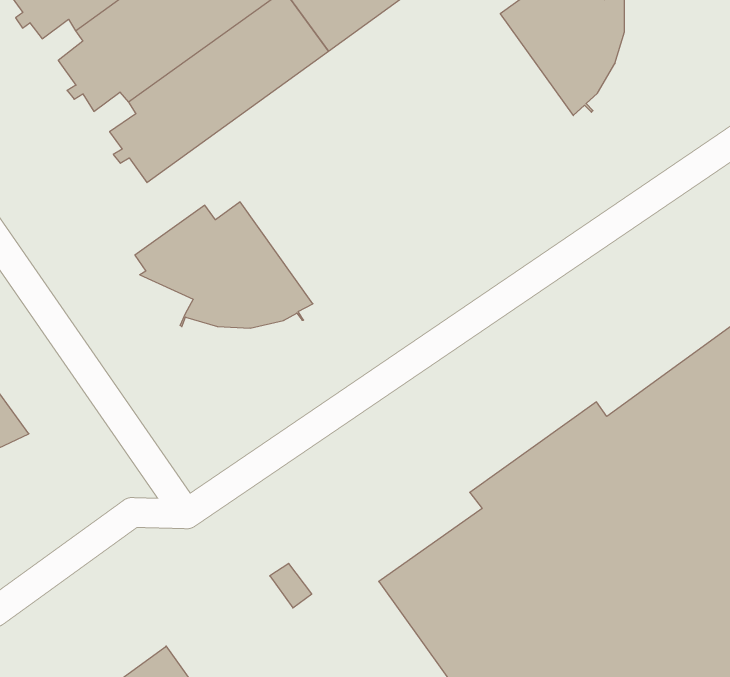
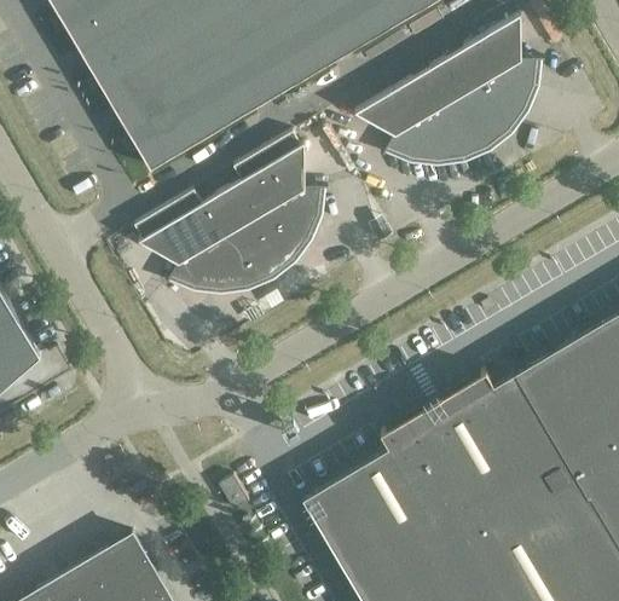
building: none -> [354,64,487,163]
building: none -> [221,133,328,277]

